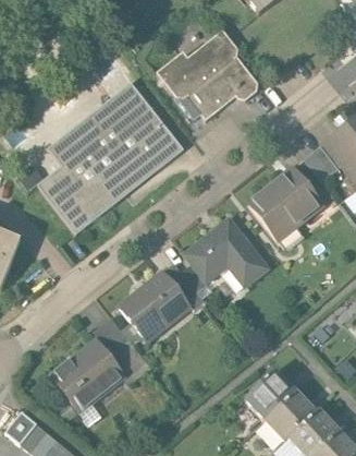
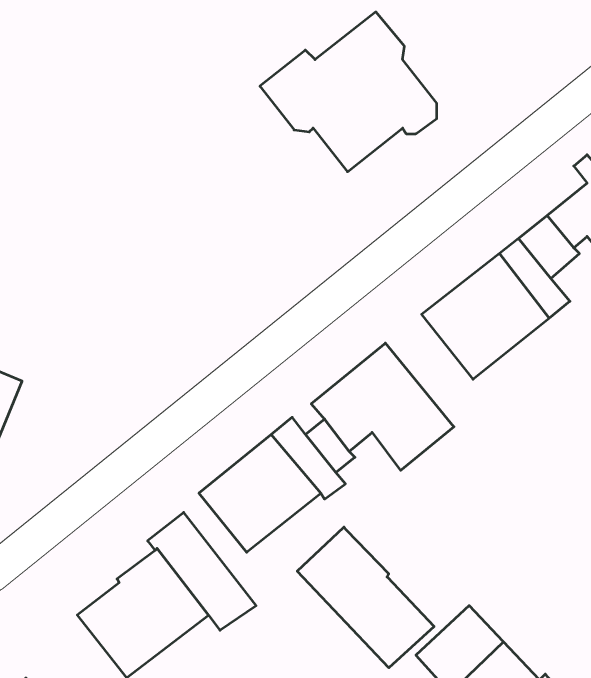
building: [38,83,184,233] -> none
building: none -> [297,527,434,668]

